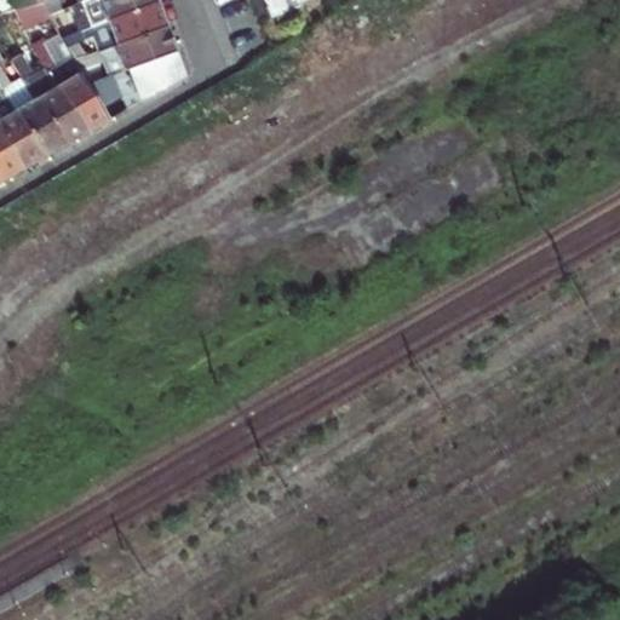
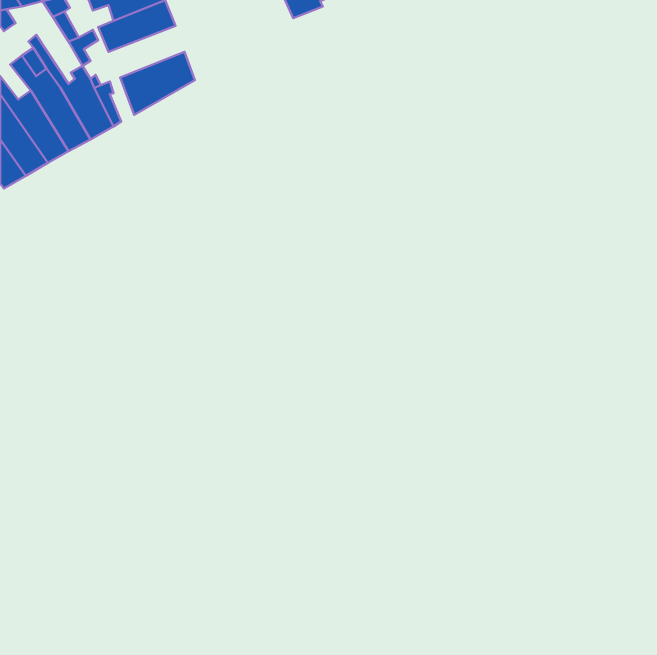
building: [102,24,176,74] -> none

